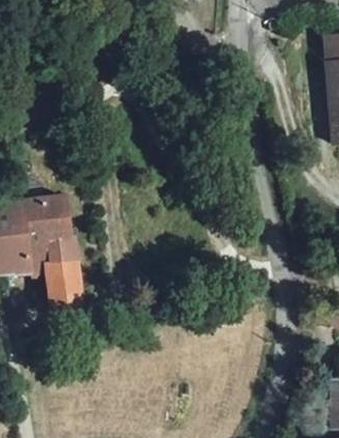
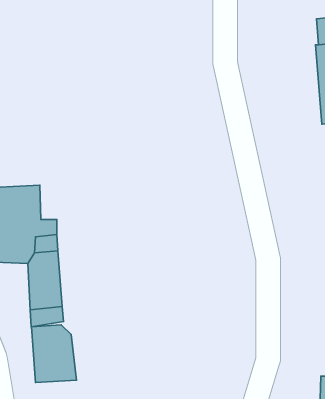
building: none -> [31,325,76,383]

